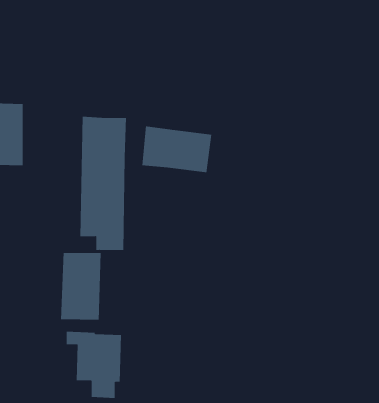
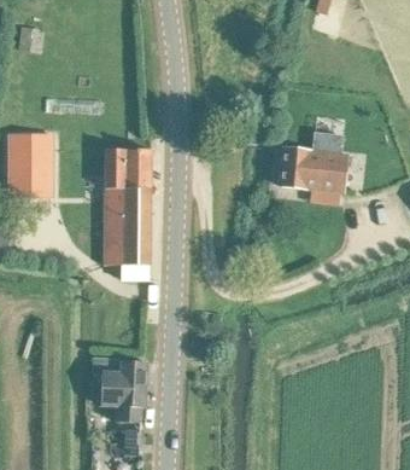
building: [141,126,212,173] -> [280,147,348,193]
building: [60,252,101,320] -> none

